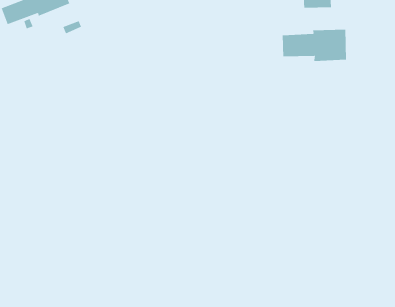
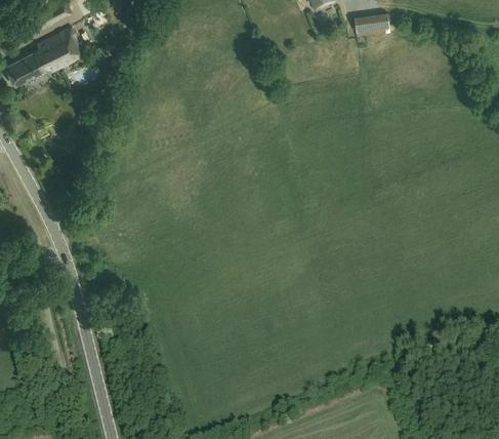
building: [282,29,347,62] -> none

